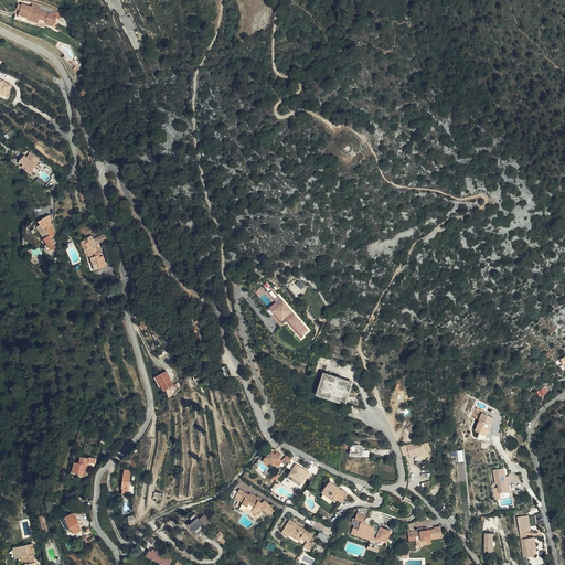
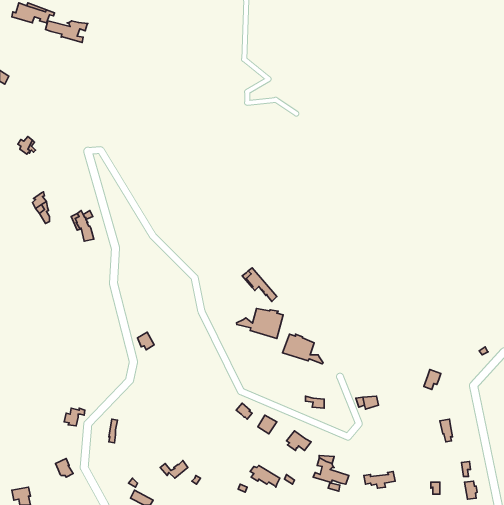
building: none -> [46,21,88,42]
building: none -> [236,308,283,339]
building: [233,489,274,515] -> none

